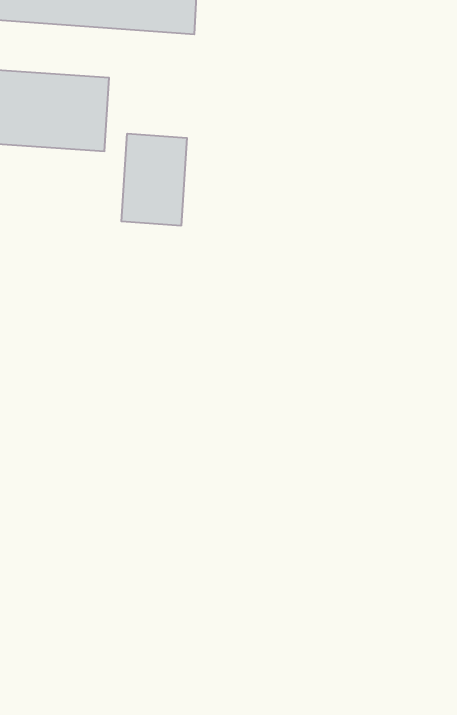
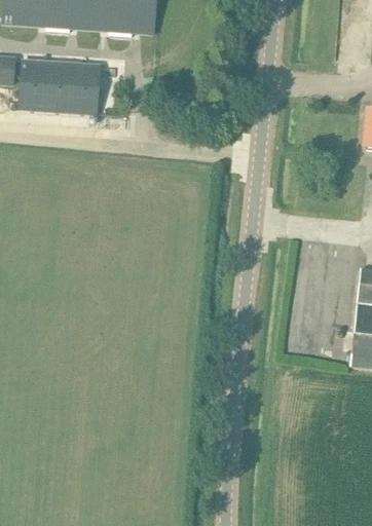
building: [121,134,187,226] -> none

